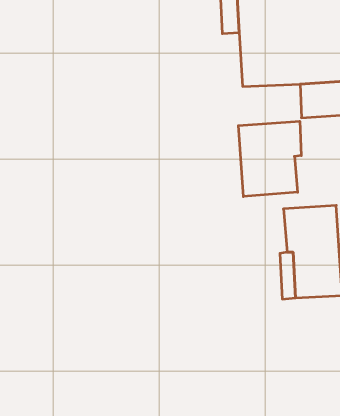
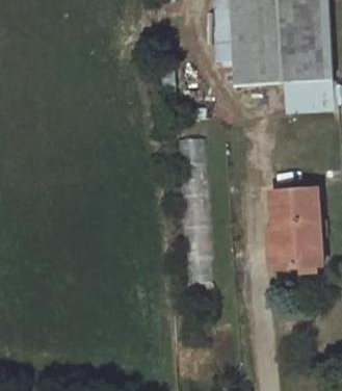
building: [238,121,301,197] -> none

